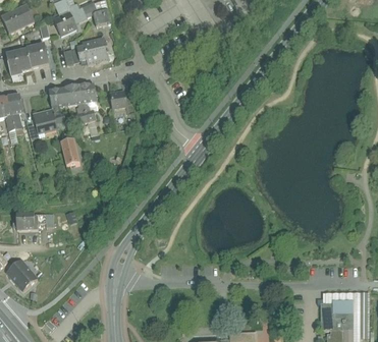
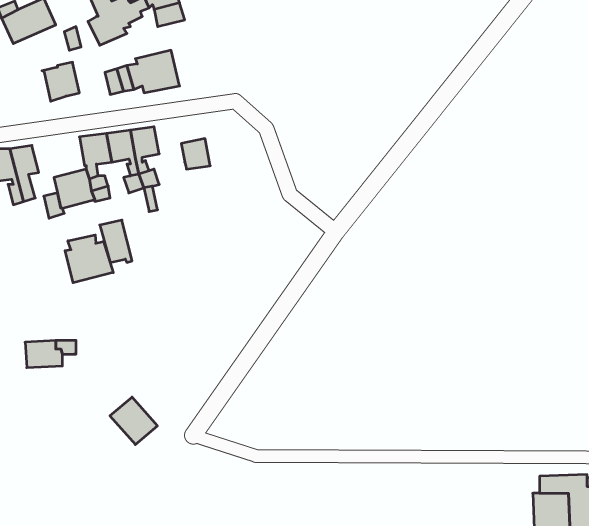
building: [5,50,31,75] -> none
building: none -> [65,235,113,283]
building: [7,260,36,288] -> [110,397,157,445]

